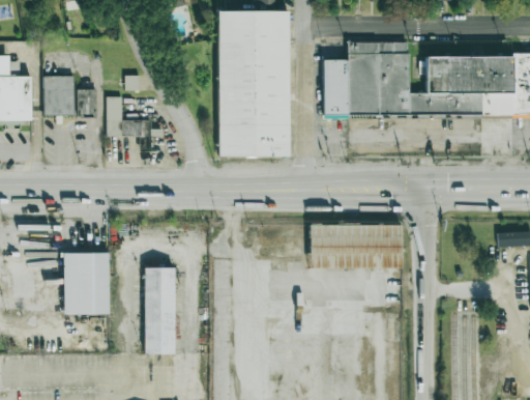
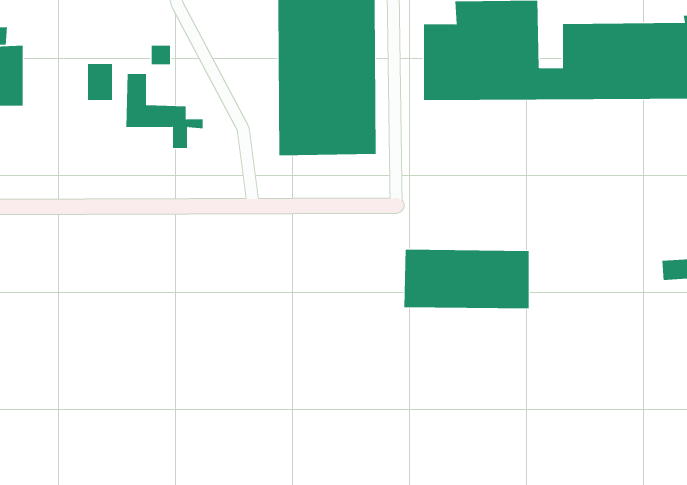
building: [45,75,76,114] -> none
building: [64,252,110,313] -> none
building: [145,266,175,352] -> none

